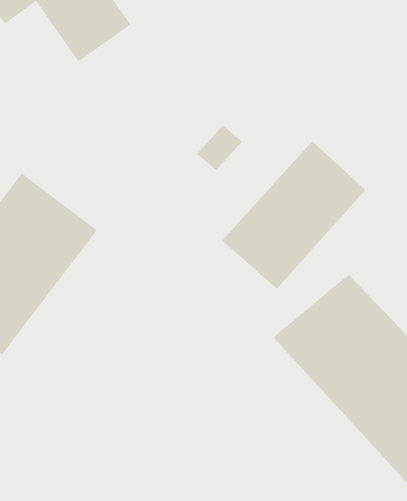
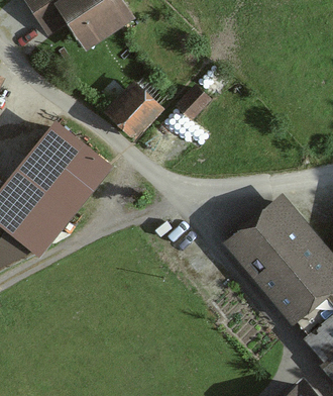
building: none -> [107,86,161,140]
building: [222,140,366,290] -> none

